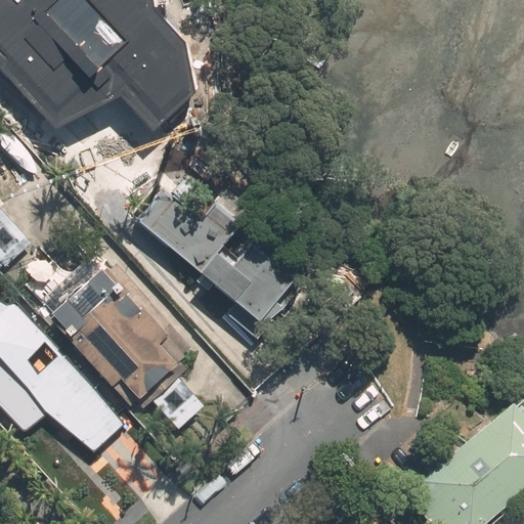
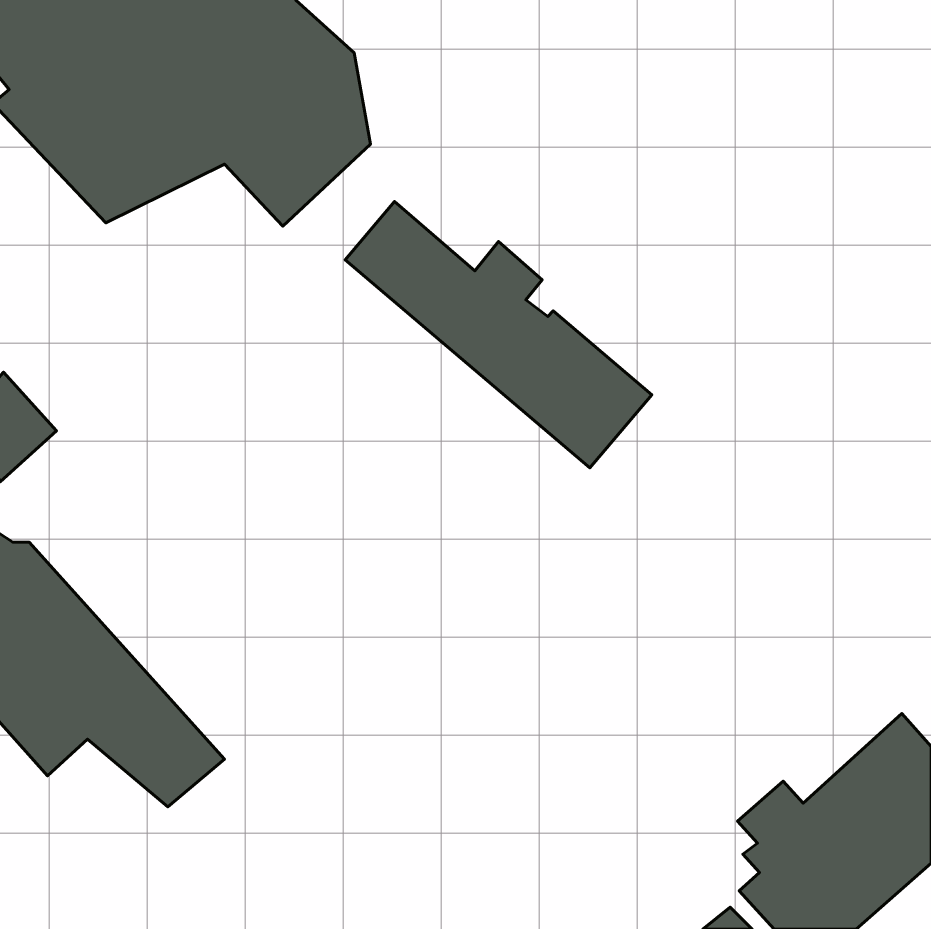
building: [133,186,305,336] -> [345,201,652,468]
building: [42,254,203,429] -> none

